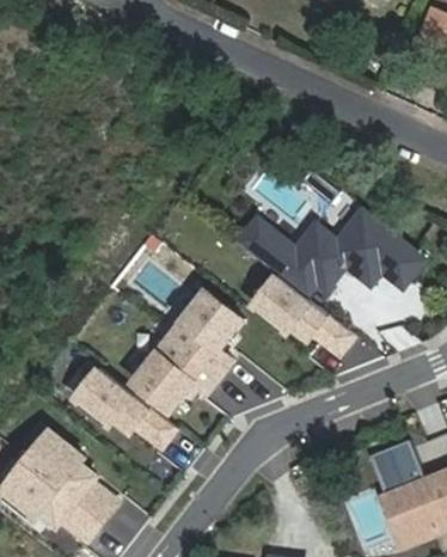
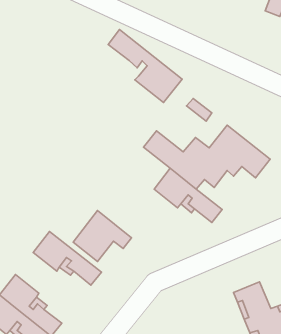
building: none -> [108,29,182,102]
building: [169,288,241,374] -> none

